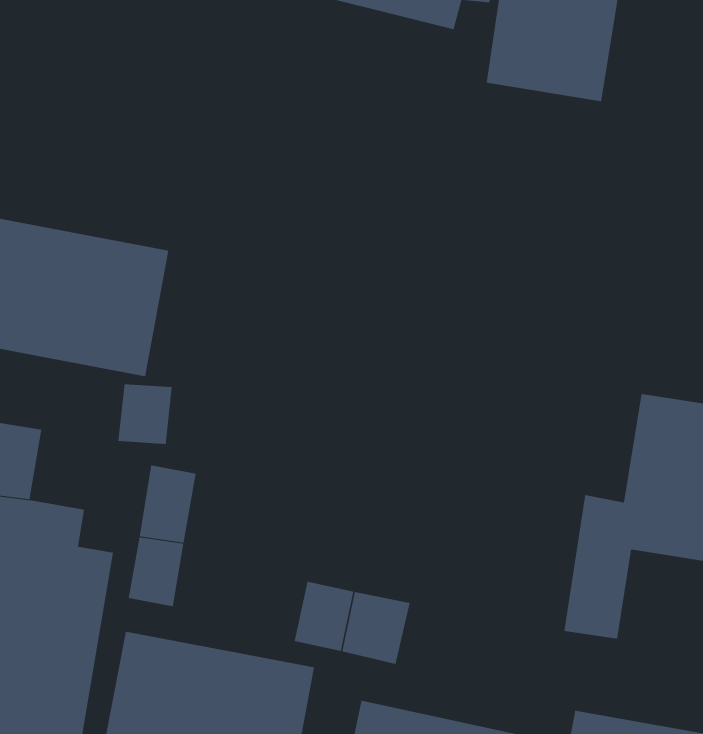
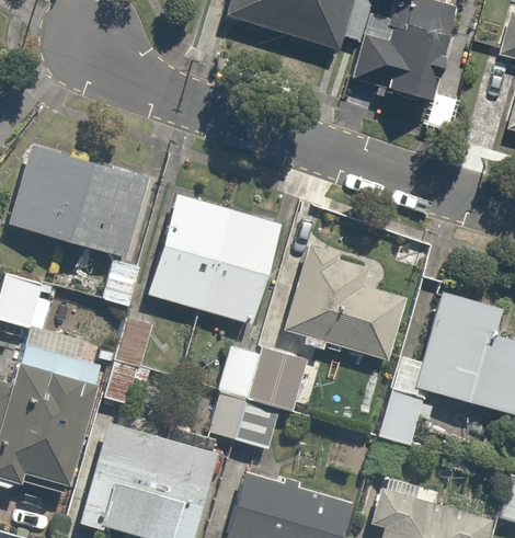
building: none -> [145,193,279,327]
building: none -> [287,242,408,358]
building: none -> [220,342,307,407]

